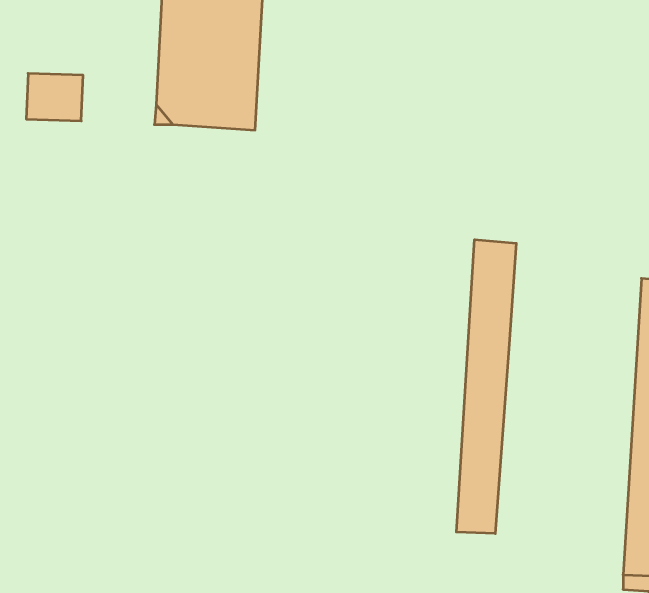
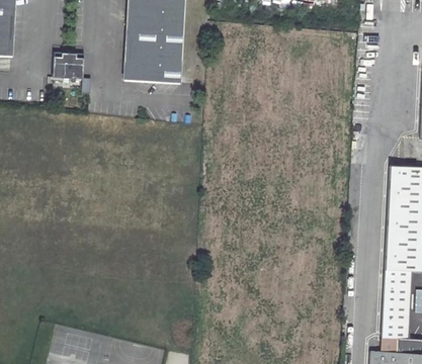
building: [456,240,516,534] -> none

